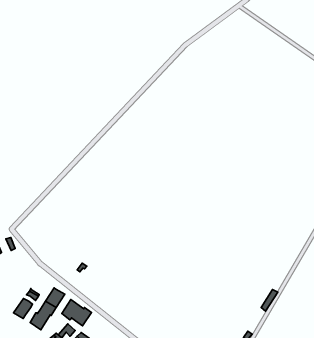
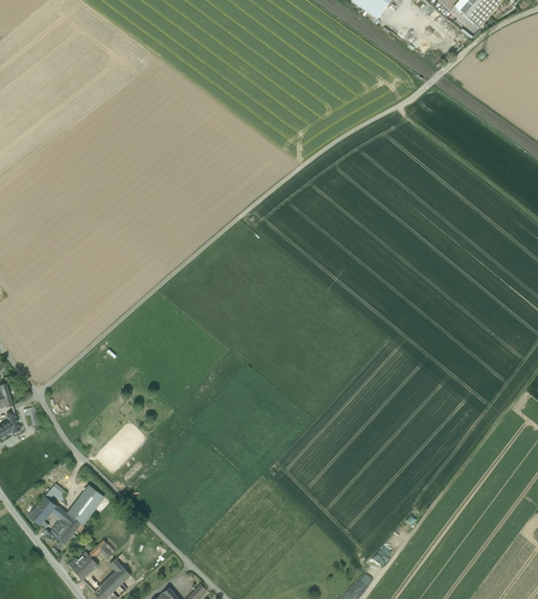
building: [62,299,92,326] -> none

